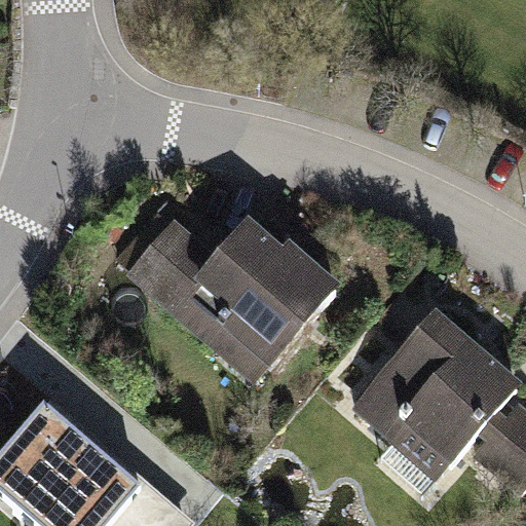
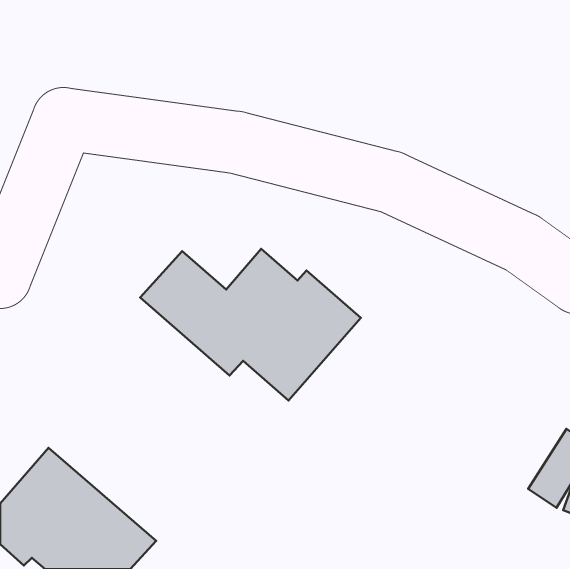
building: [355,314,515,492] -> none

